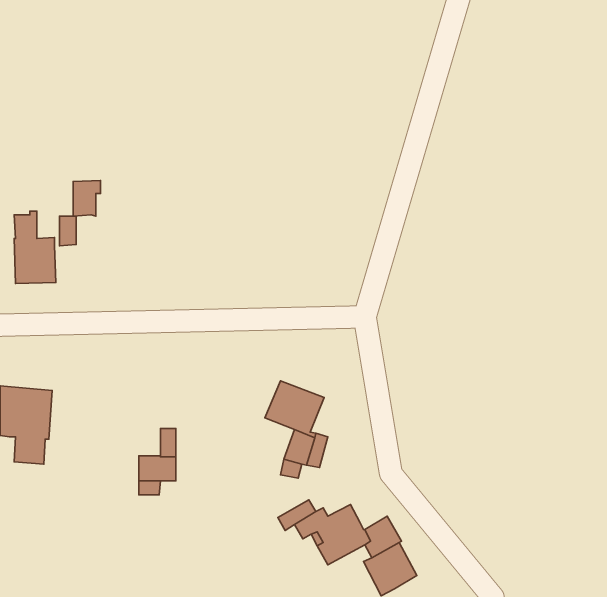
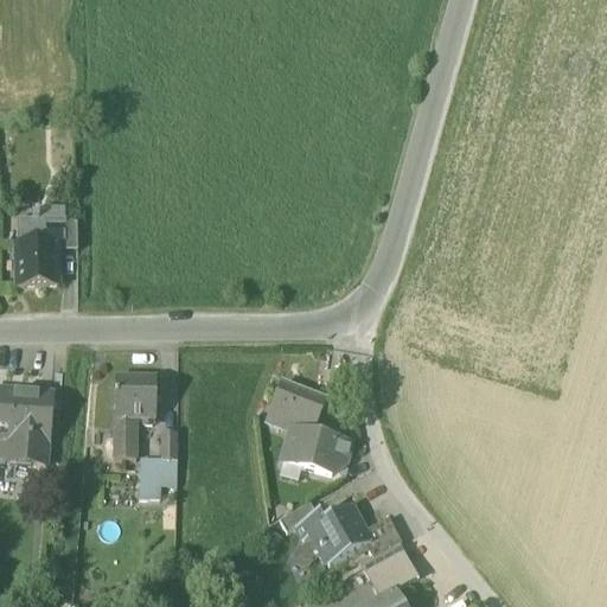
building: [73,180,101,216] -> [37,203,64,238]
building: none -> [113,373,155,456]
building: none -> [318,436,349,477]

